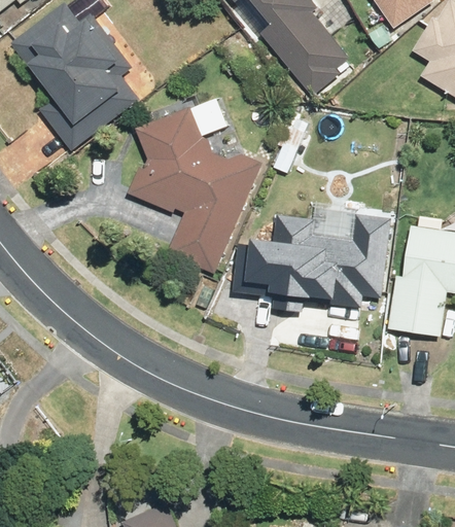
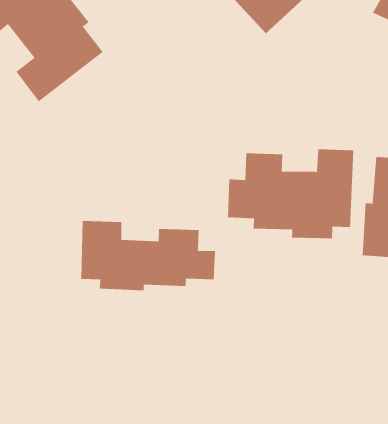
building: [128,97,260,282] -> none
building: none -> [81,220,215,291]

